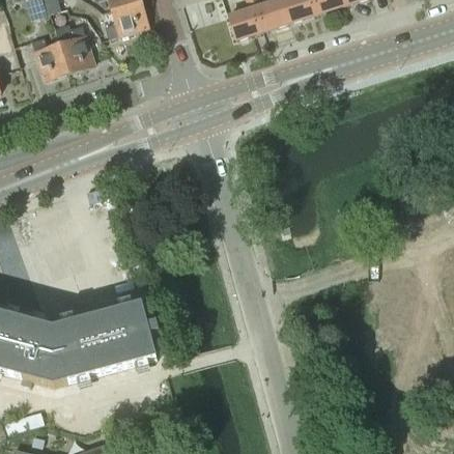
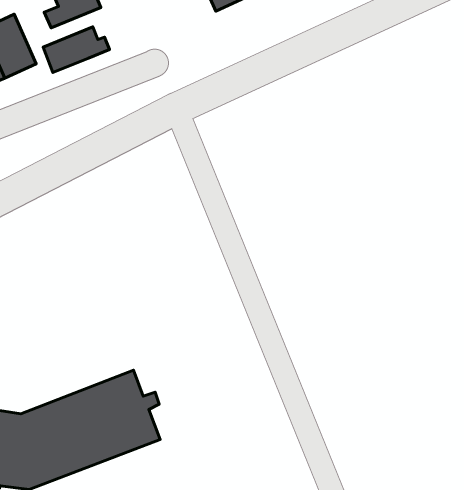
building: none -> [43,27,109,73]

